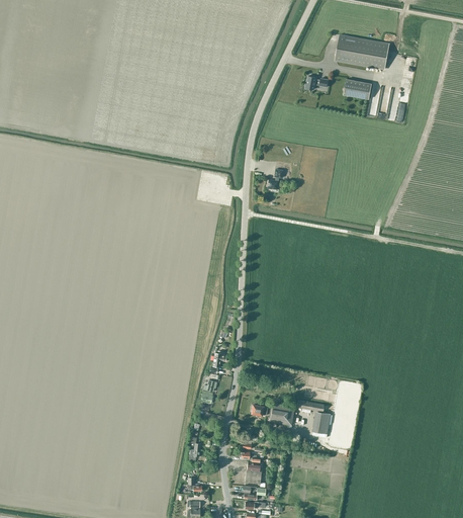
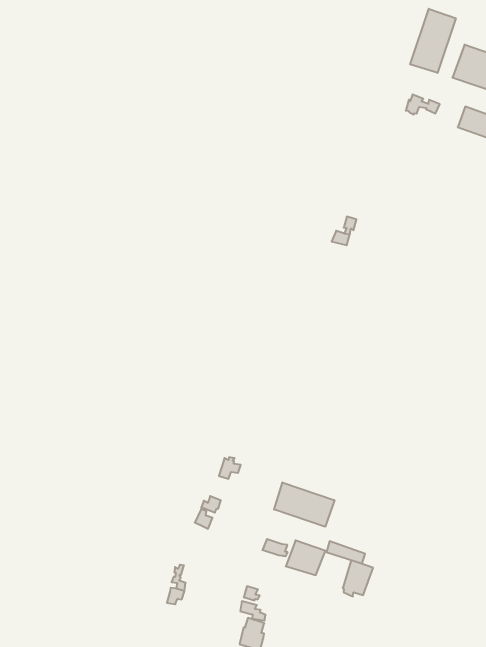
building: none -> [410,9,456,73]
building: none -> [274,482,334,527]

